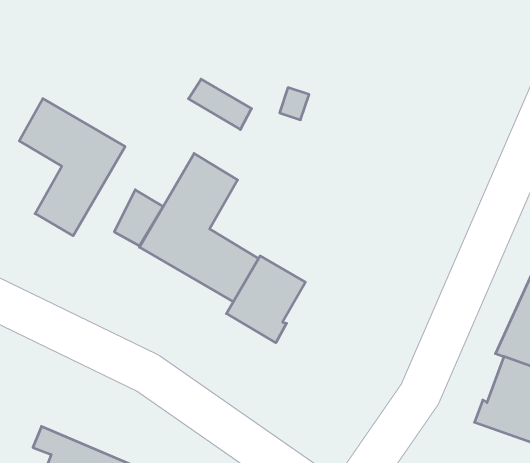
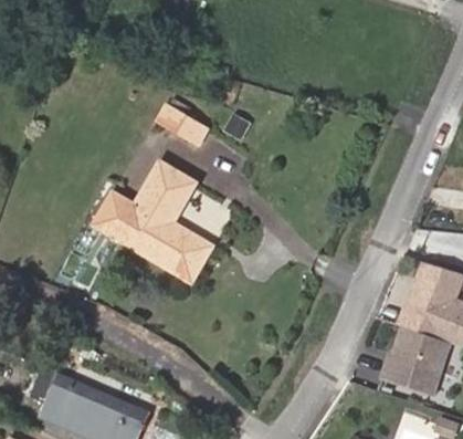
building: [19,99,125,236] -> none
building: [226,256,305,343] -> none

